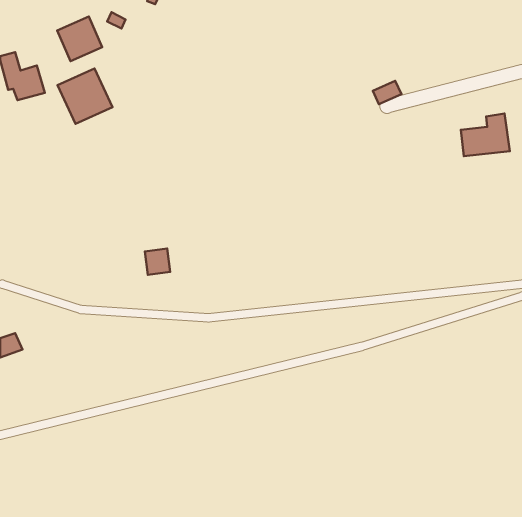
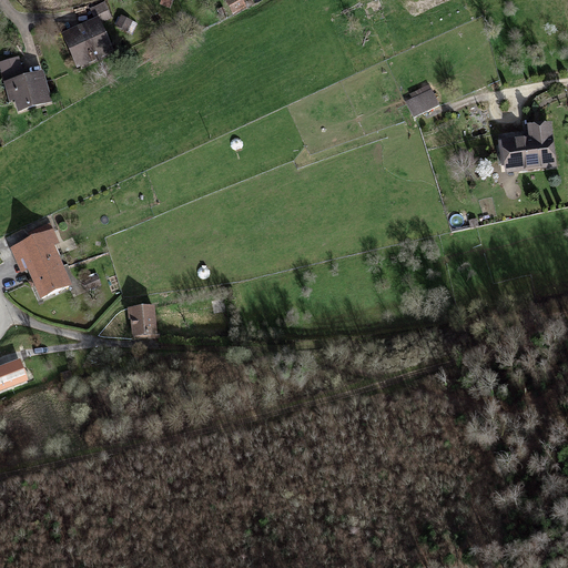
building: [57,68,112,124] -> none
building: none -> [12,224,68,290]
building: [145,248,170,275] -> [129,300,156,328]

